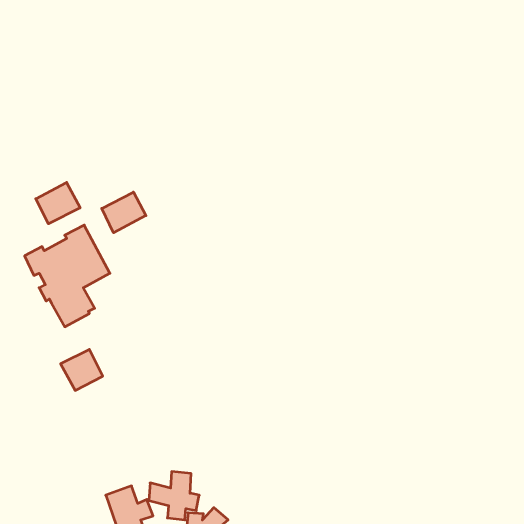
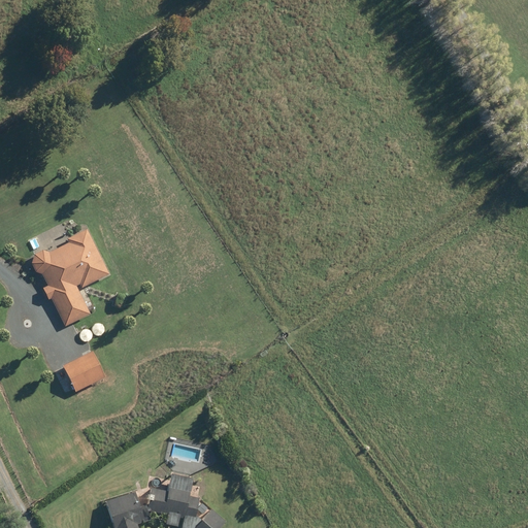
building: [36,182,80,224] -> none
building: [102,192,146,233] -> none

